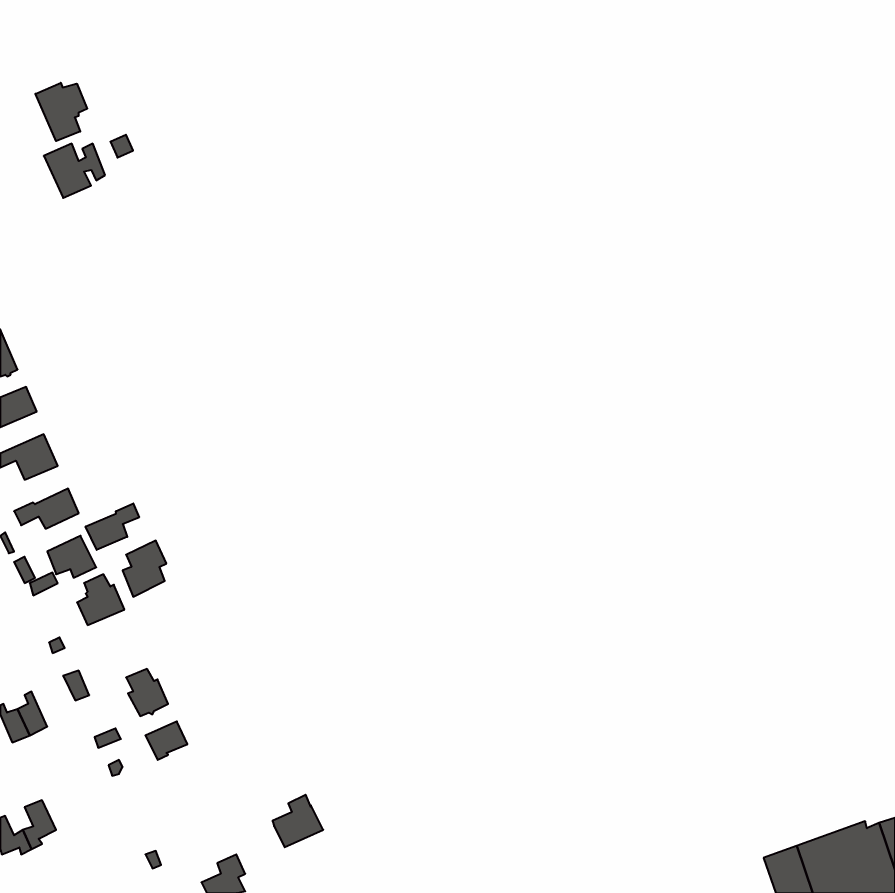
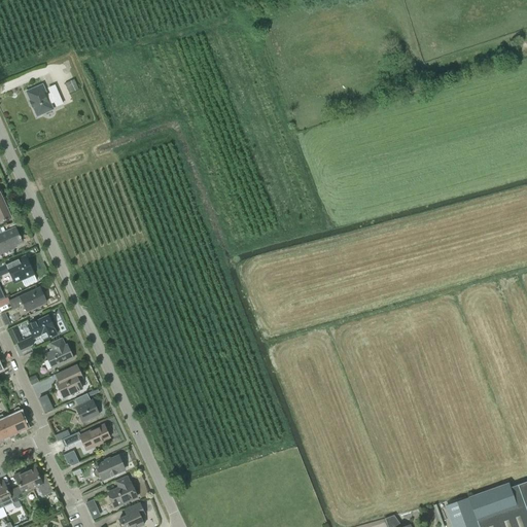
building: [35,83,87,141] -> none
building: [86,503,139,550] -> none
building: [123,541,166,597] -> [57,364,82,397]
building: none -> [95,456,125,479]
building: none -> [25,465,52,495]
building: [272,795,323,847] -> [107,476,137,506]

